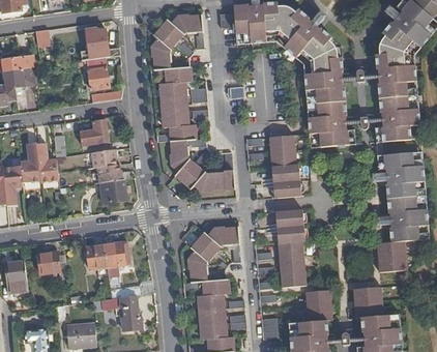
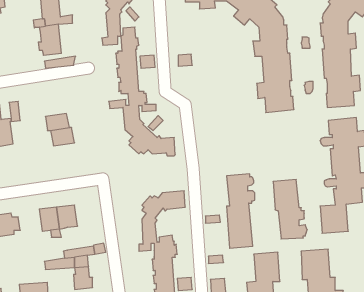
building: [80,119,109,144] -> none
building: [269,135,304,196] -> [273,180,307,239]
building: [100,178,127,201] -> none

